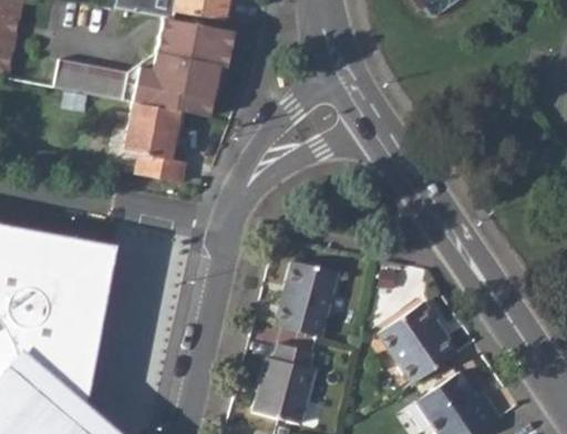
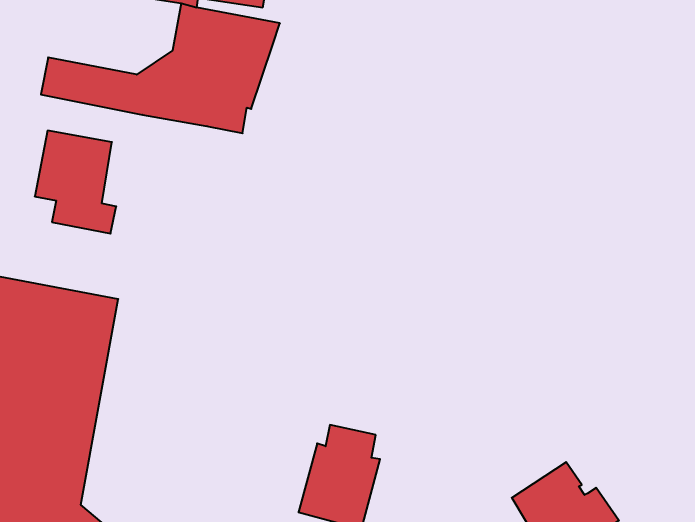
building: [122,102,185,182] -> [35,131,116,234]
building: [275,260,338,337] -> none
building: [378,301,457,383] -> none

